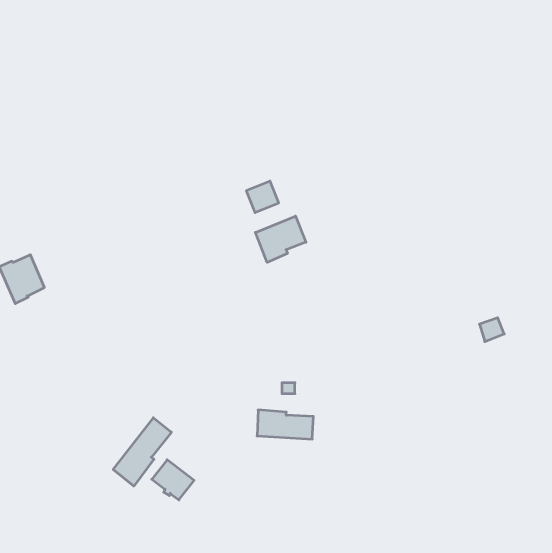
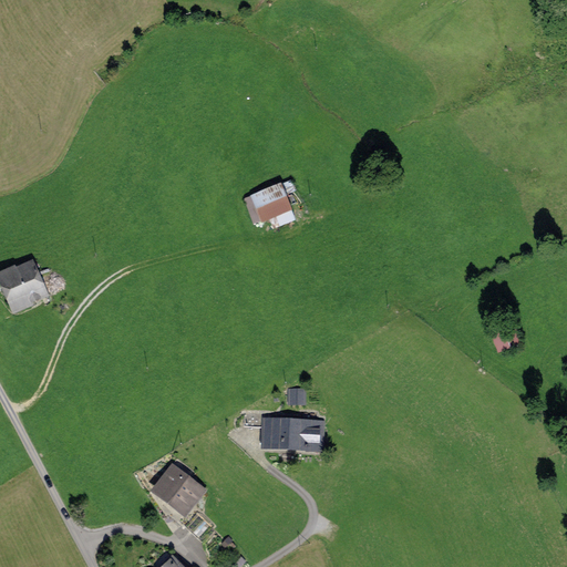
building: [255,216,306,262] -> none
building: [113,418,171,486] -> none

